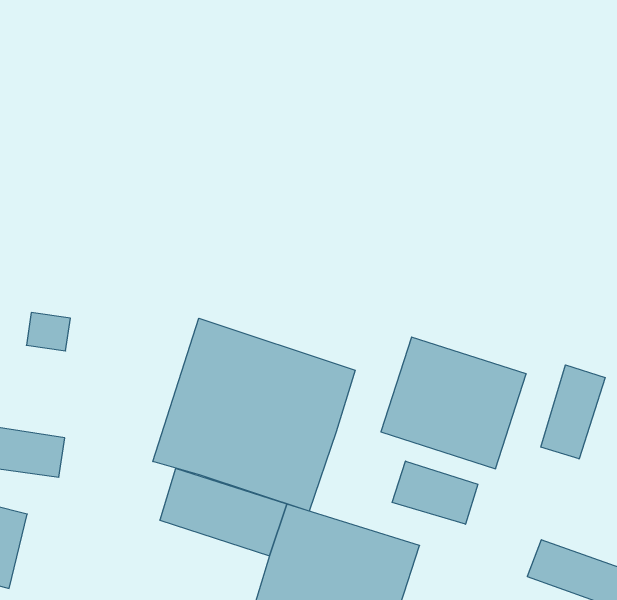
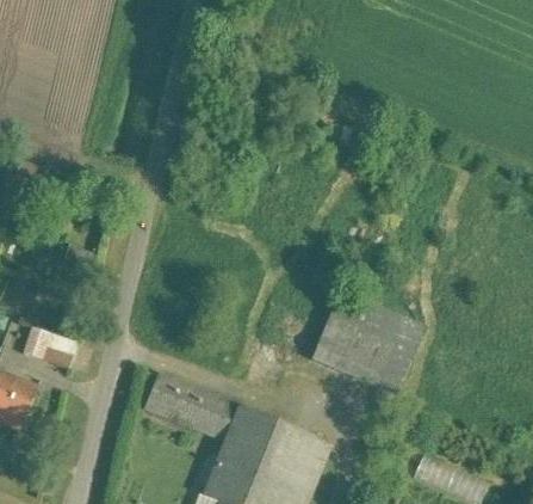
building: [153,318,355,511] -> none
building: [541,365,605,459] -> none
building: [392,461,478,524] -> none

